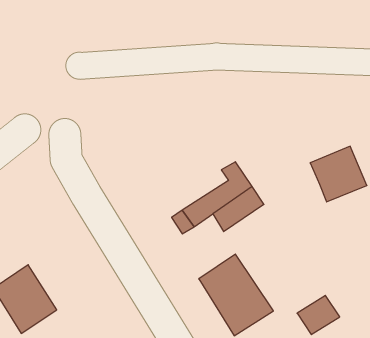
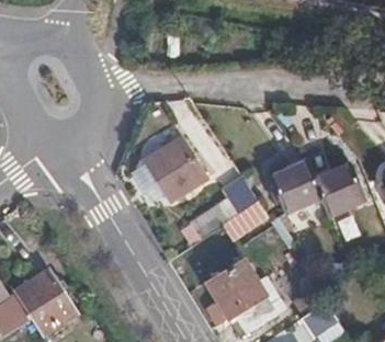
building: none -> [146,136,207,200]
building: none -> [267,161,319,212]

